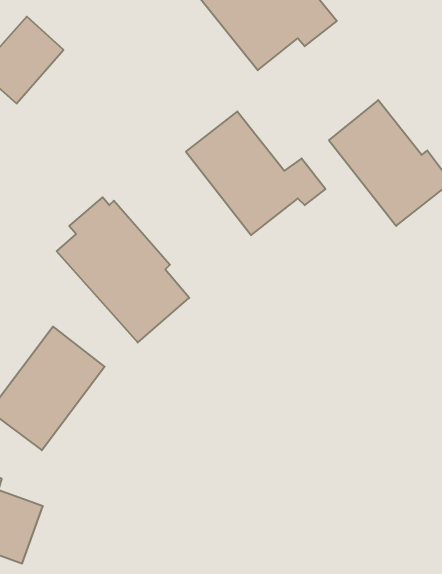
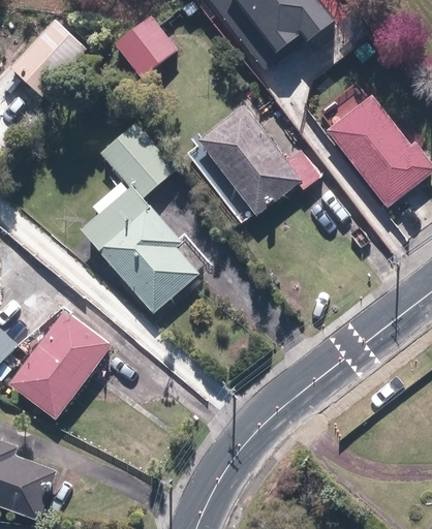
building: none -> [109,18,173,81]
building: none -> [94,124,173,201]

